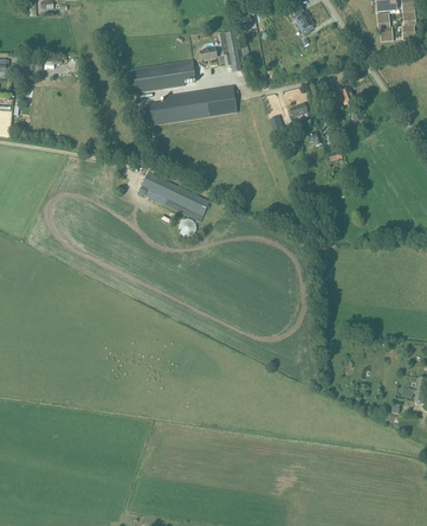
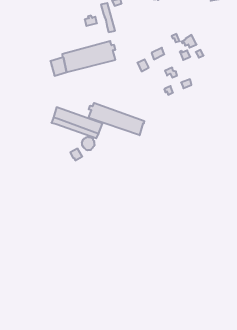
building: [130,59,195,92] -> none
building: none -> [89,103,144,135]

